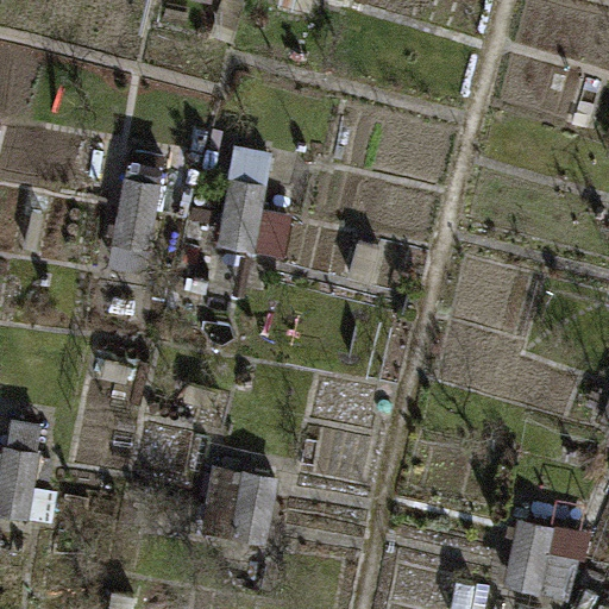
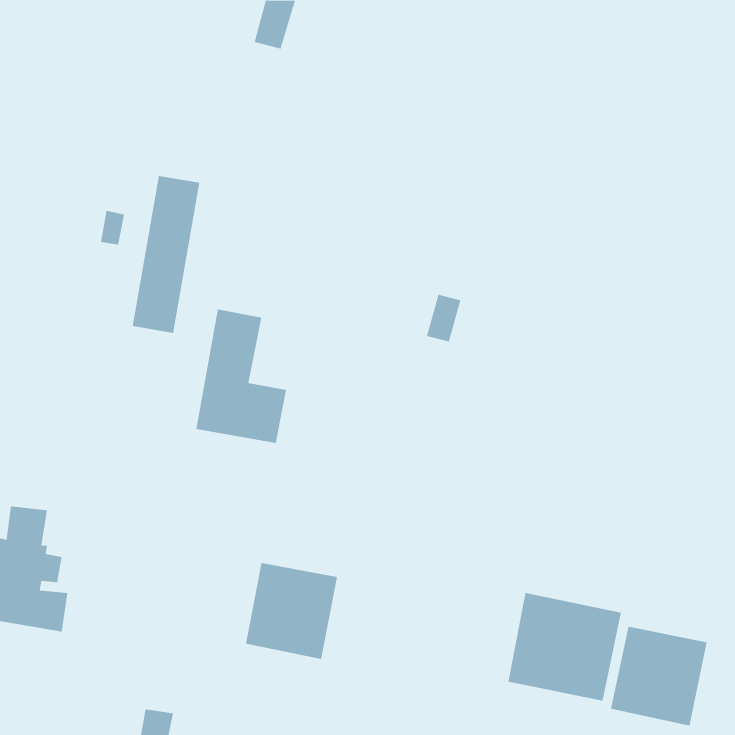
building: [216,147,291,258] -> [195,309,287,444]
building: none -> [508,592,622,701]

